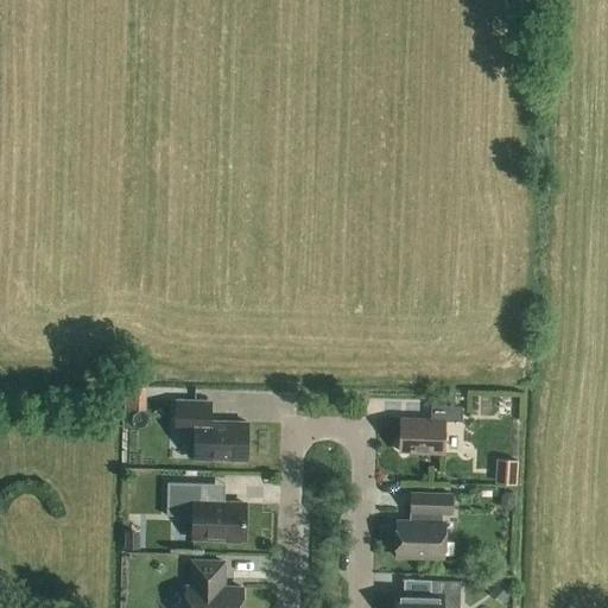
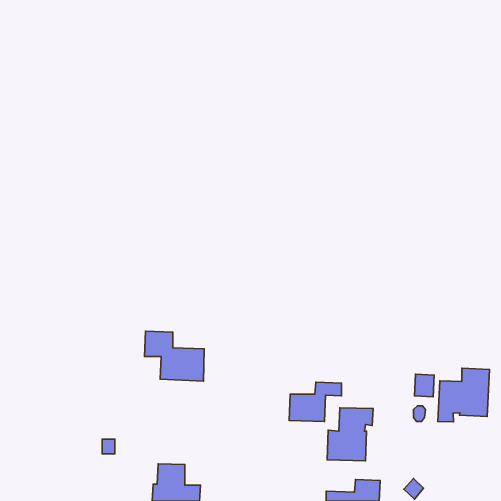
building: [400,405,463,452] -> [289,382,341,422]
building: none -> [438,368,490,422]
building: [167,482,246,542] -> none

